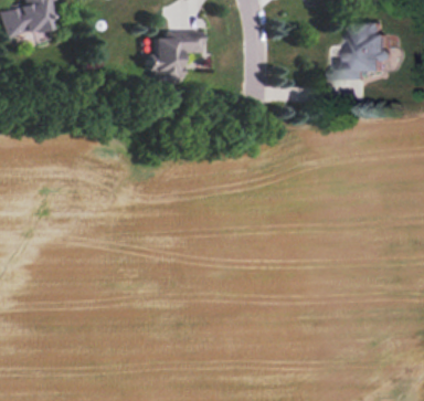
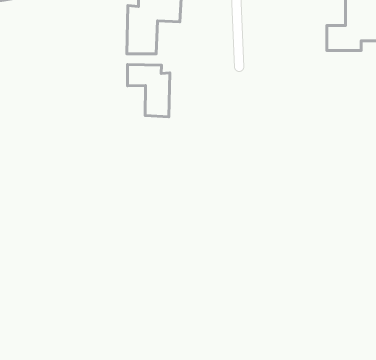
building: none -> [127,64,170,117]

